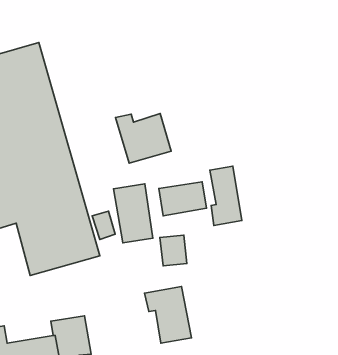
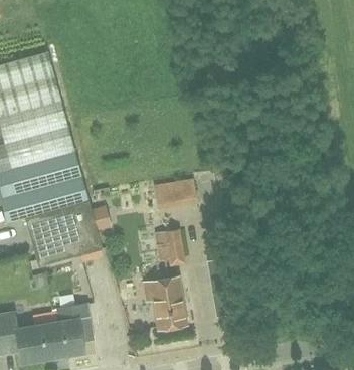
building: [116,113,171,163] -> none
building: [210,166,242,226] -> none
building: [114,184,153,243] -> none

